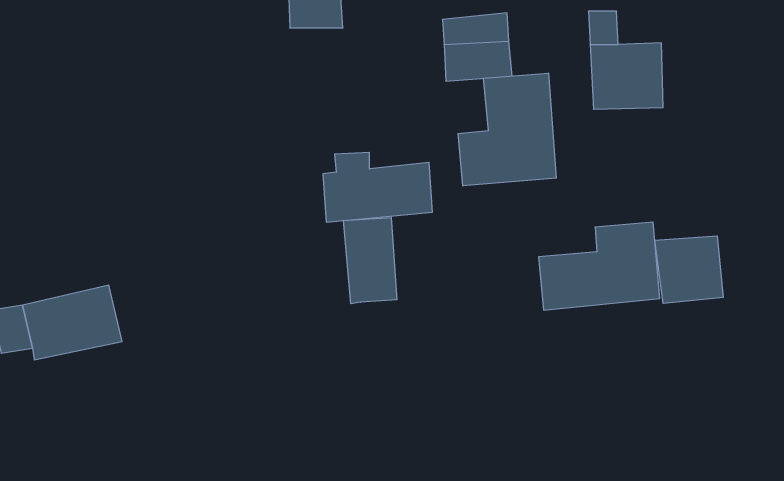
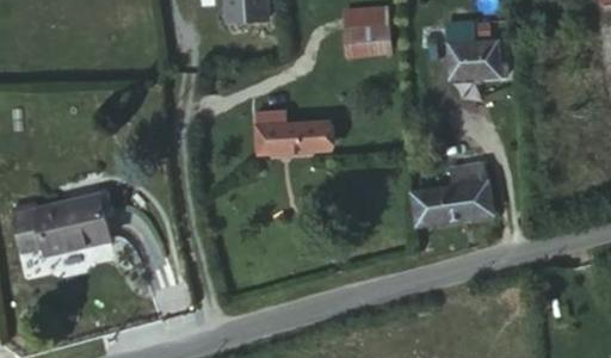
building: [458,73,556,186] -> none
building: [344,217,397,304] -> none
building: [655,236,723,303] -> none

